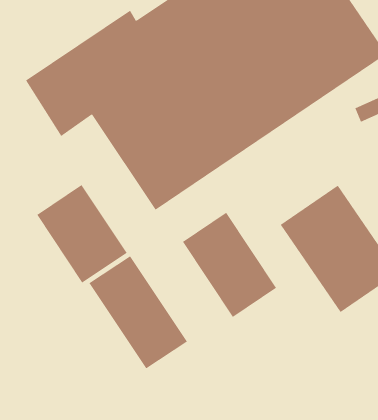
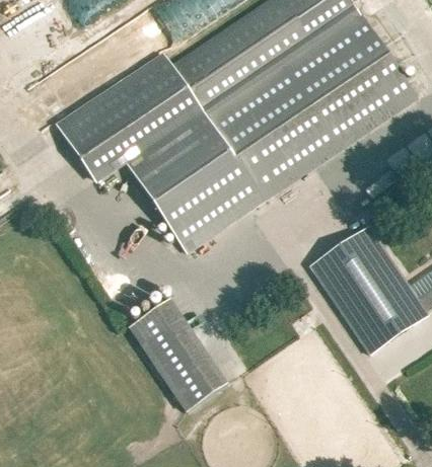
building: [36,184,128,284] -> none
building: [182,212,277,318] -> none

